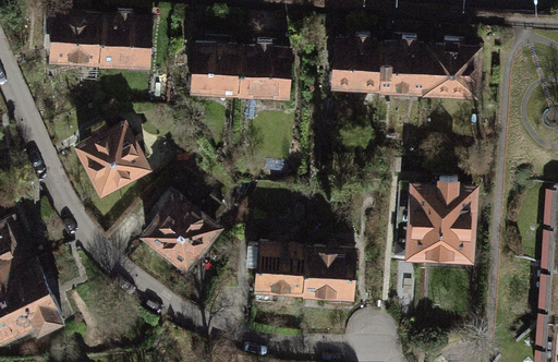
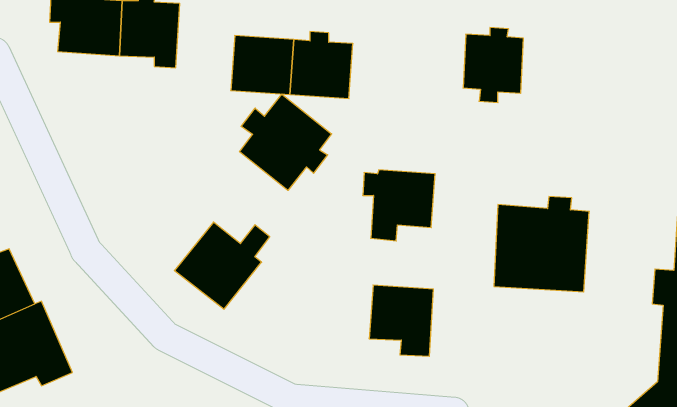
building: [331,38,381,90] -> none
building: [426,44,480,97] -> none
building: none -> [240,94,332,190]
building: [77,126,146,194] -> none
building: [247,248,306,305] -> [363,170,435,241]

